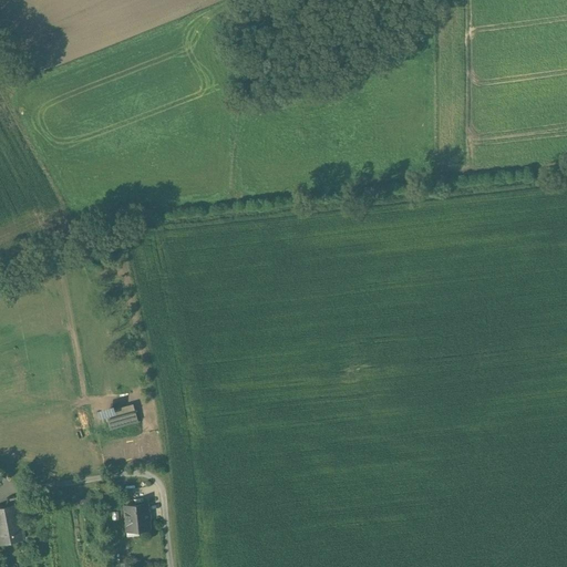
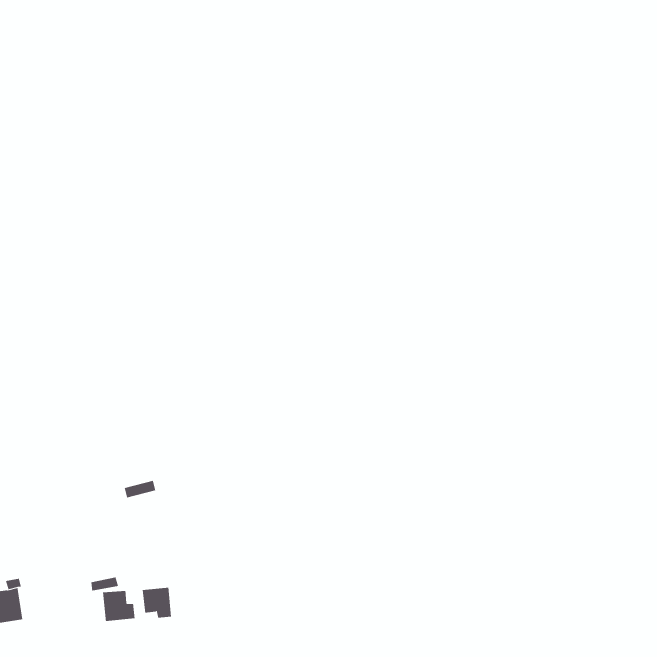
building: none -> [103,590,135,622]

